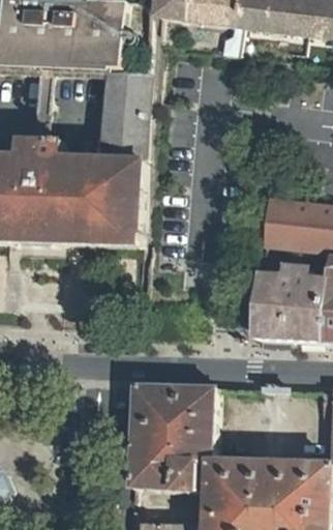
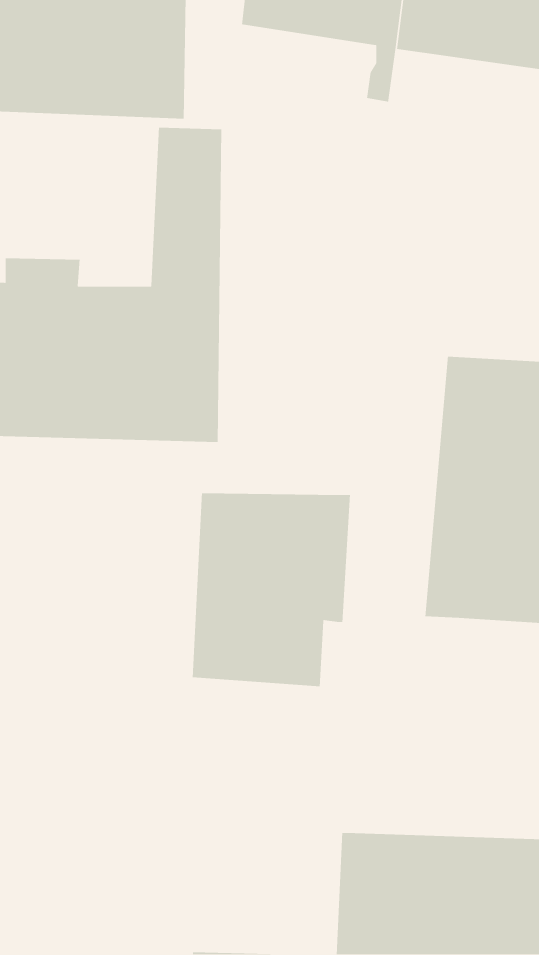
building: [126,385,213,492] -> [192,492,351,687]

